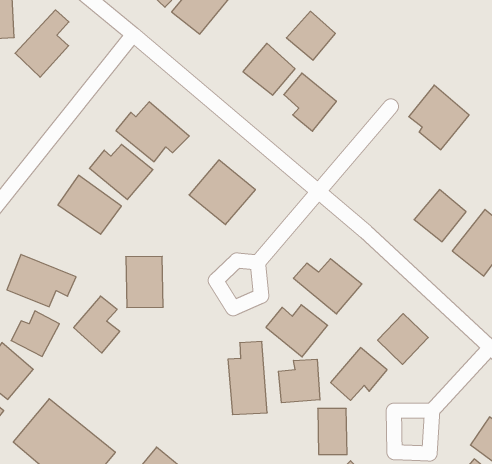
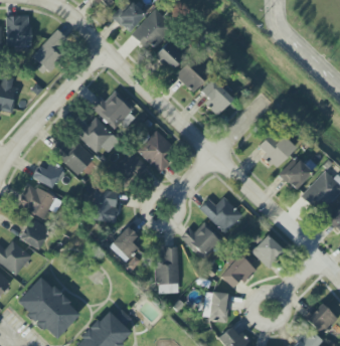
building: [286,11,335,60] -> [154,40,185,71]
building: [409,85,469,150] -> [258,128,296,169]
building: none -> [32,162,64,189]
building: [74,296,120,353] -> [110,226,139,263]
building: [278,359,320,403] -> none

